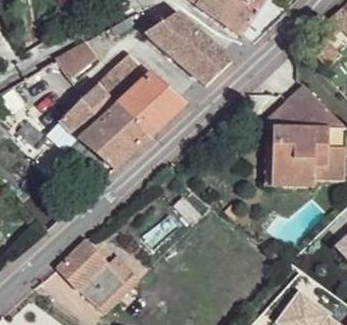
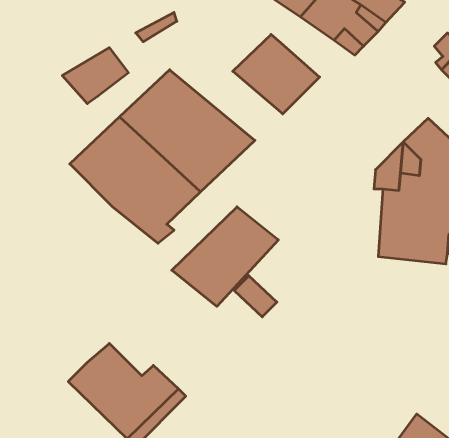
building: [146,11,197,55] -> none
building: none -> [172,207,278,306]

